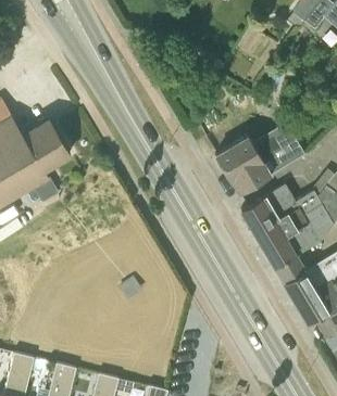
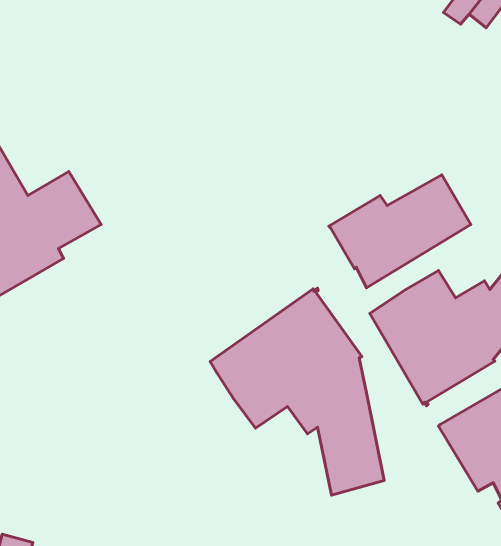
building: none -> [210,288,384,495]

